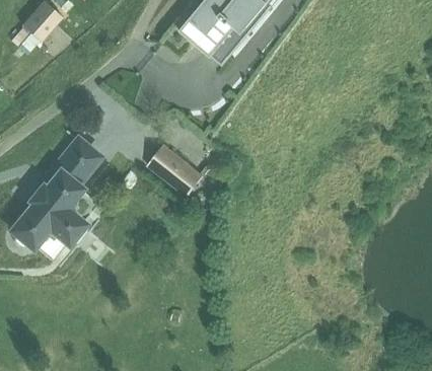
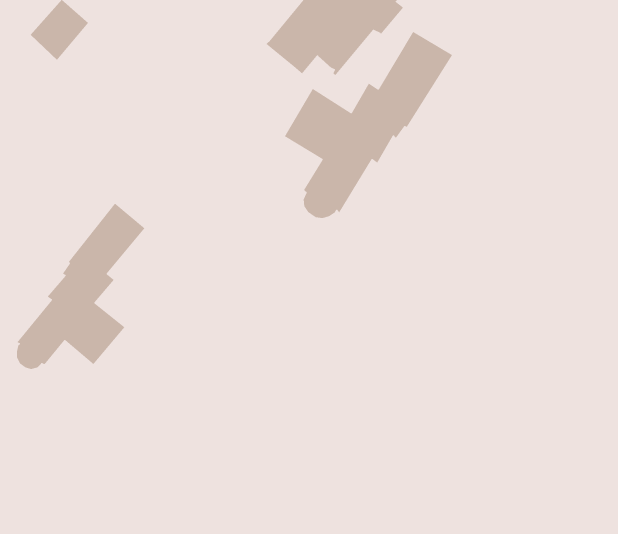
building: none -> [284,31,453,219]
building: [147,145,202,196] -> none

